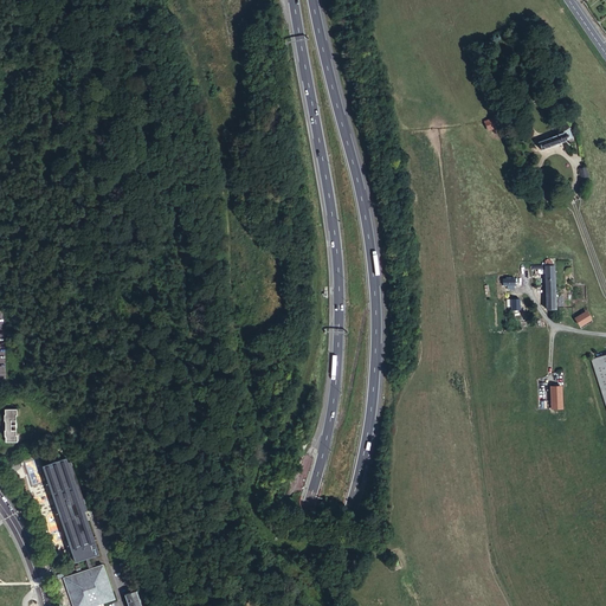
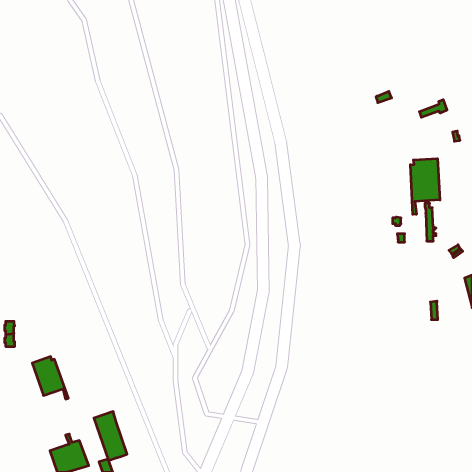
building: none -> [410,159,440,214]
building: [56,498,98,561] -> [94,412,127,461]

